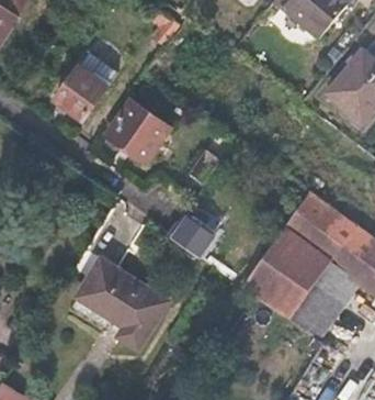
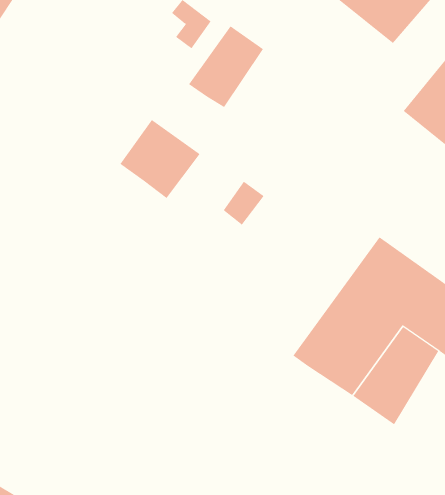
building: [56,55,115,120] -> [188,25,264,108]
building: [166,215,213,257] -> none
building: [75,253,172,349] -> none

